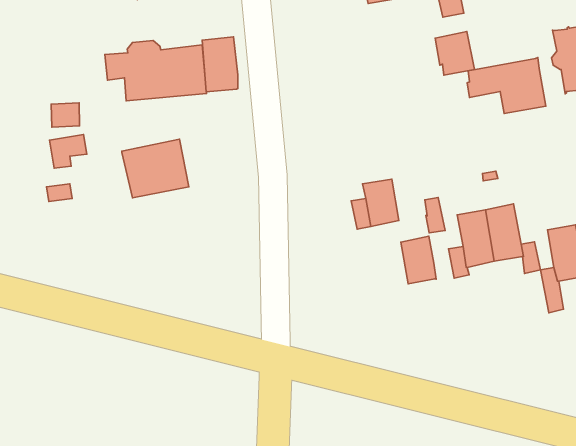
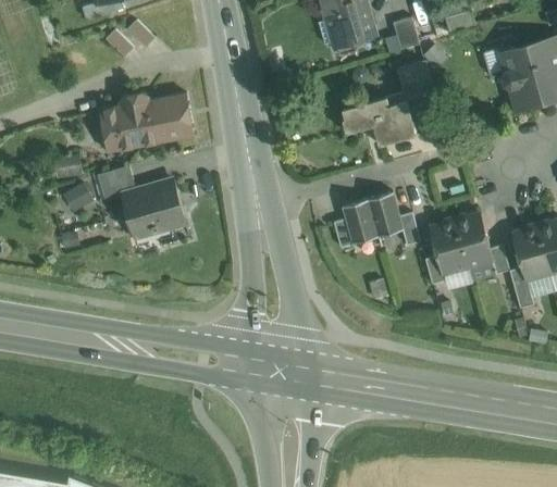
building: [202,37,238,92] -> none
building: [467,57,546,114] -> [343,92,416,146]
building: none -> [97,166,136,201]
building: [401,236,436,284] -> [368,192,403,237]

